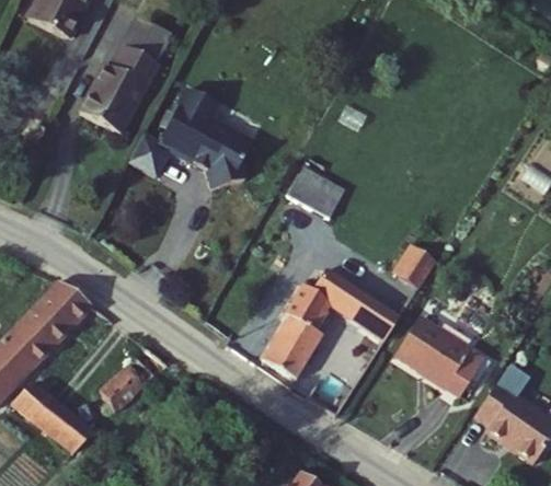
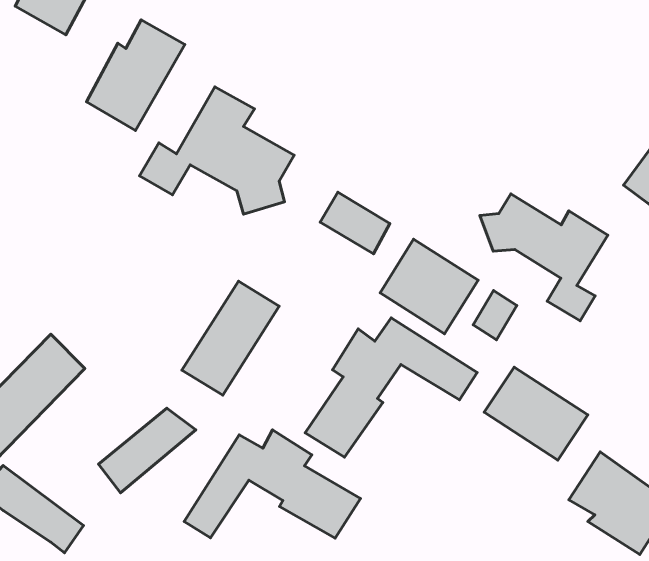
building: none -> [480,194,608,321]
building: none -> [380,239,478,334]
building: none -> [182,281,279,395]
building: none -> [184,430,361,538]

